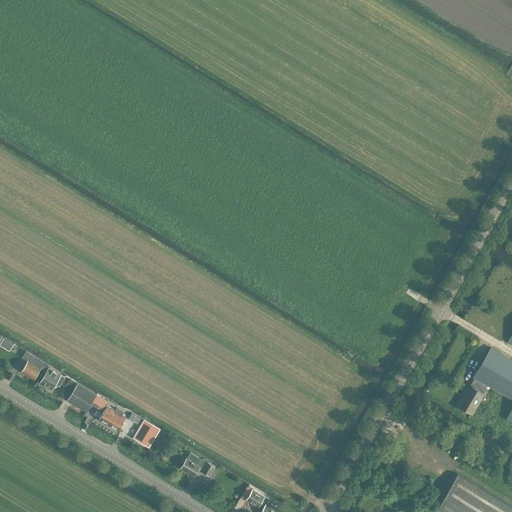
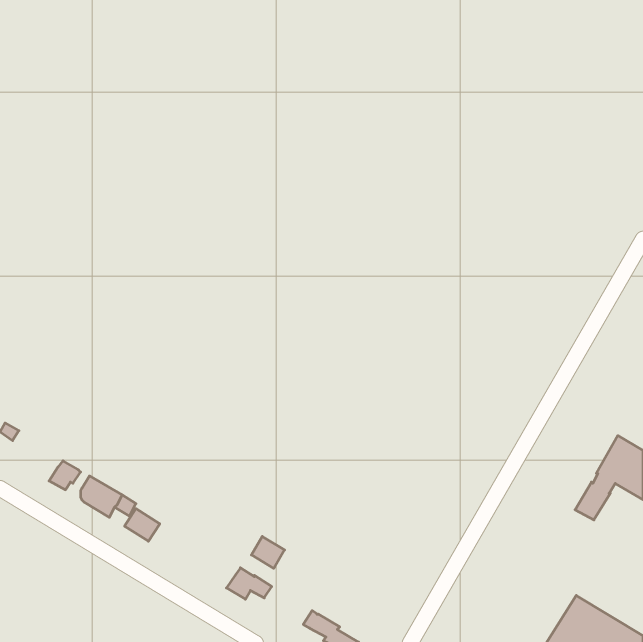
building: [21,351,50,380] -> none
building: [133,421,160,448] -> none
building: none -> [251,536,285,568]

